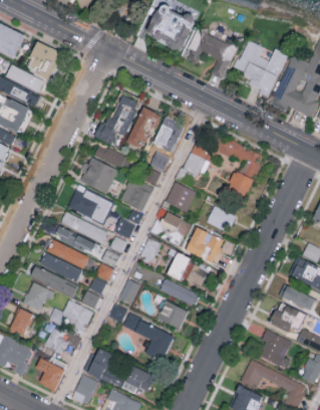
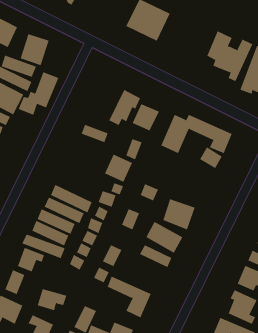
building: [188,31,235,78] -> none
building: [94,94,140,144] -> [18,71,59,115]
building: [81,156,118,193] -> none
building: [167,182,196,211] -> none
building: [68,190,113,223] -> none
building: [208,206,237,231] -> none
building: [51,300,93,333] -> none
building: [158,300,189,329] -> none

